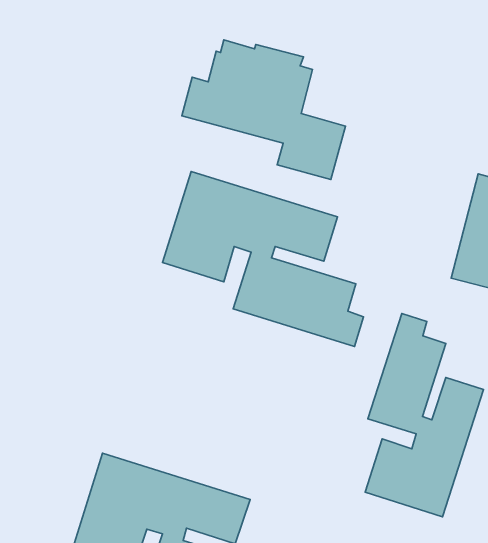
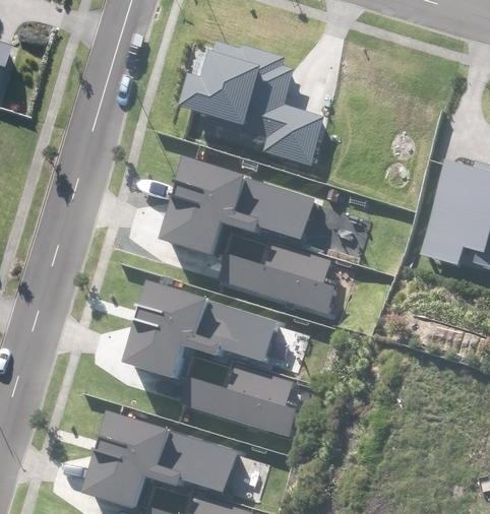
building: none -> [119,281,300,439]
building: [365,313,483,517] -> none

